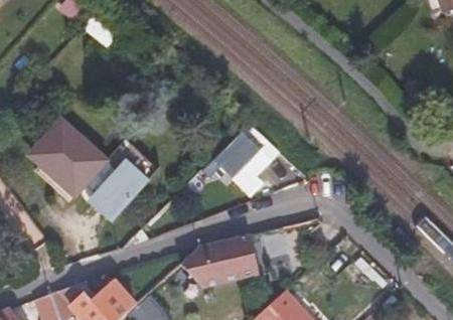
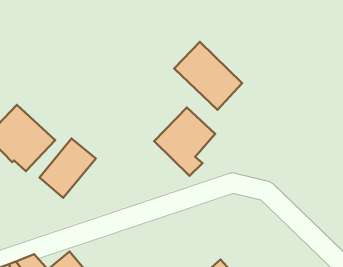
building: none -> [174,42,242,110]
building: [184,225,288,287] -> none

